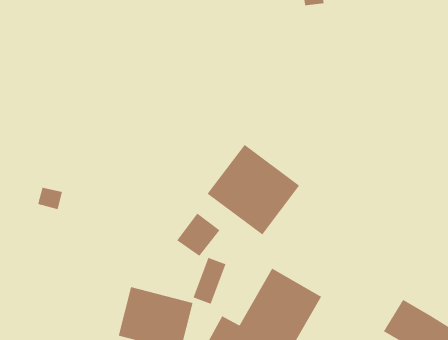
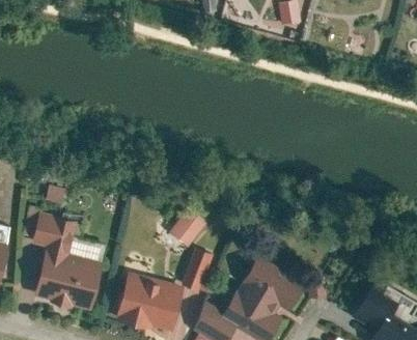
building: [207,144,300,236] -> none
building: none -> [30,211,103,310]

